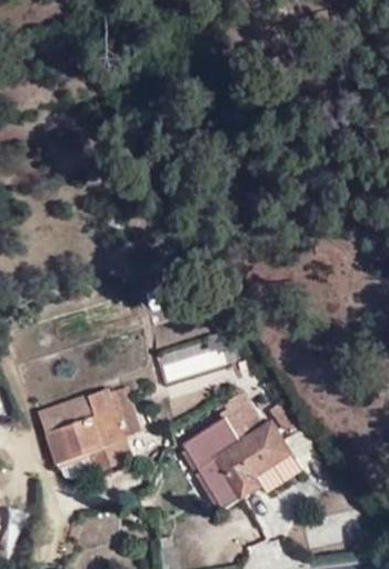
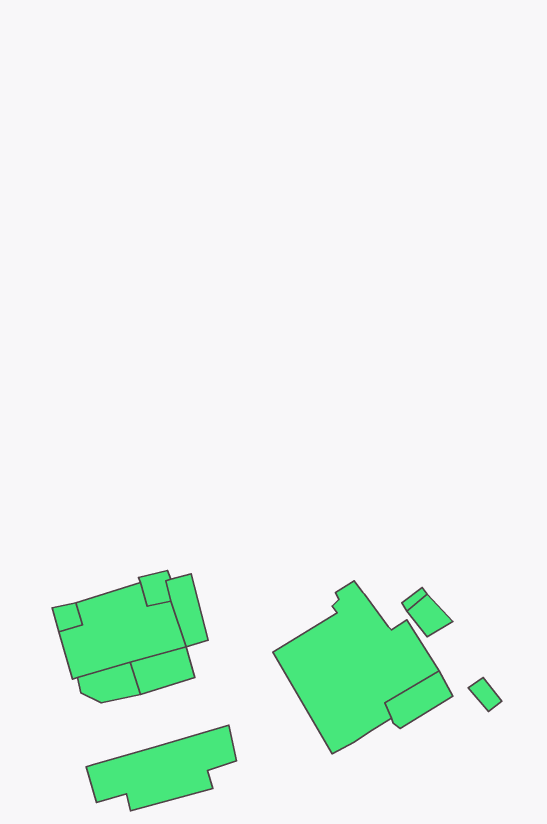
building: none -> [86,725,237,811]

